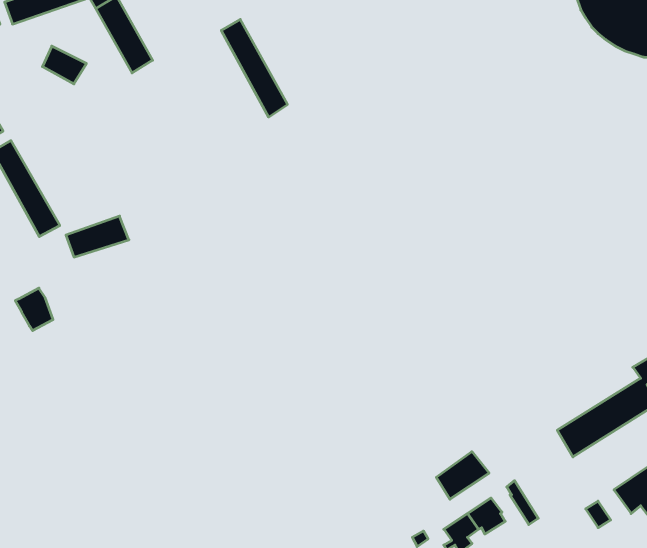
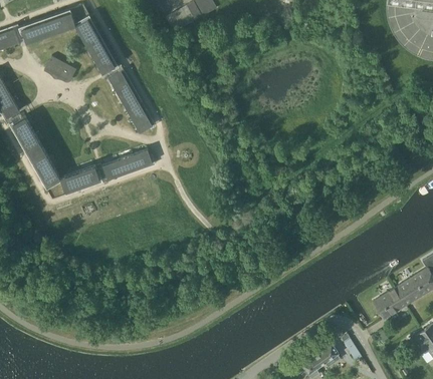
building: [221,19,287,117] -> [110,70,152,132]
building: none -> [102,148,153,178]
building: [15,288,53,331] -> [41,170,65,198]
building: [436,452,489,499] -> none

